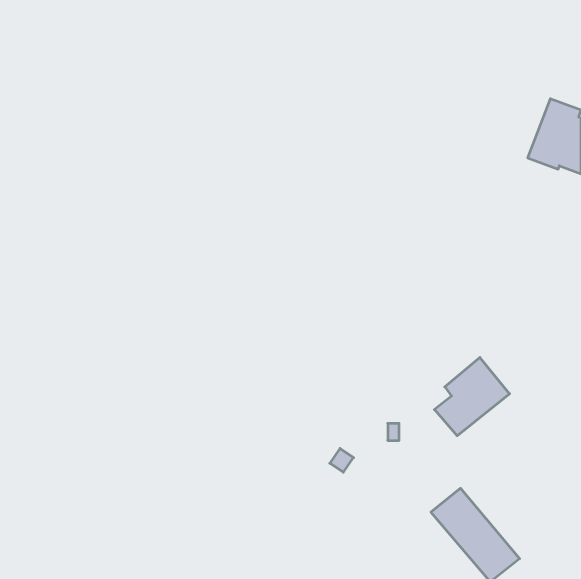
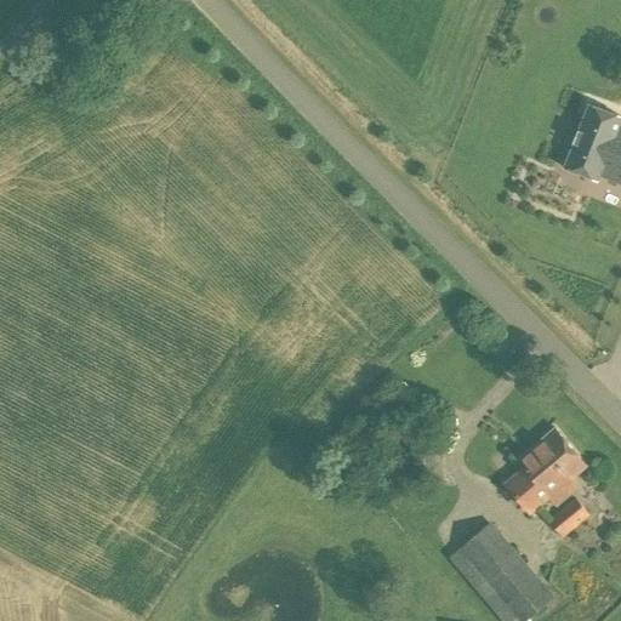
building: [434,357,510,436] -> [505,431,585,514]
building: none -> [548,498,589,539]

